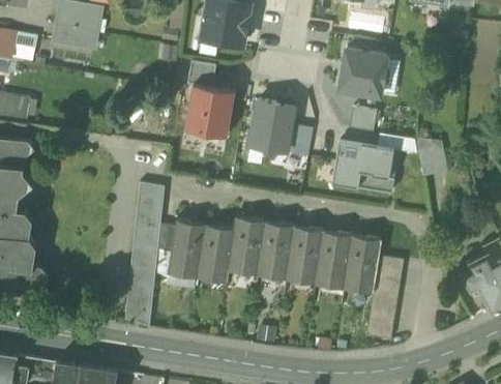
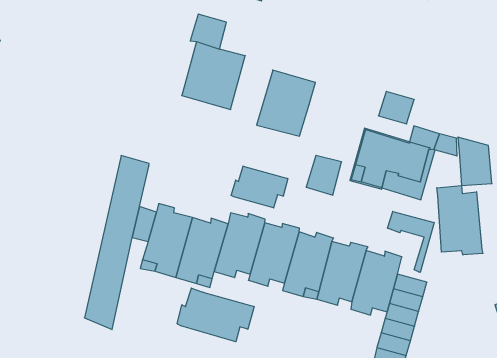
building: [338,49,385,95] -> none
building: [285,124,312,155] -> [306,155,342,195]
building: none -> [437,185,483,255]
building: none -> [231,166,288,208]
building: none -> [387,211,434,272]
building: none -> [177,288,254,342]

